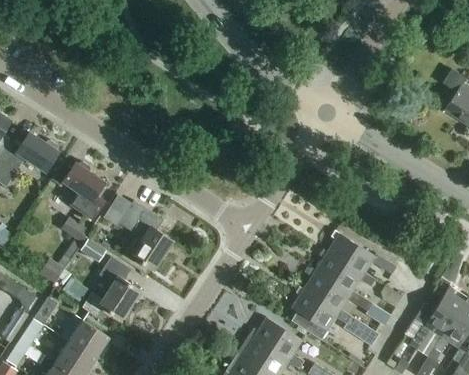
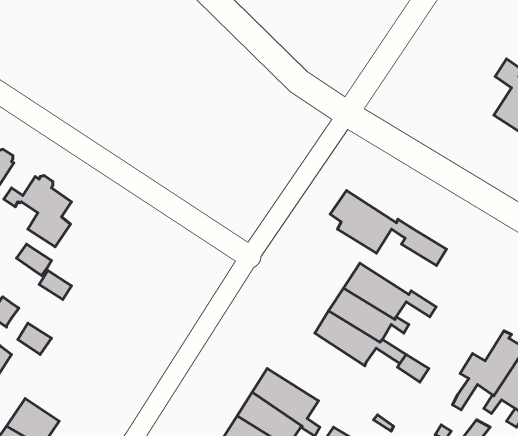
building: [103,195,172,270] -> none
building: [81,257,140,320] -> none
building: [286,288,379,348] -> [330,190,447,266]
building: [68,319,109,358] -> none

